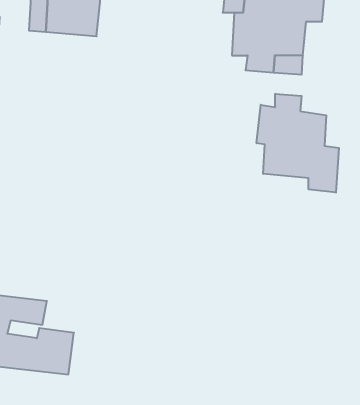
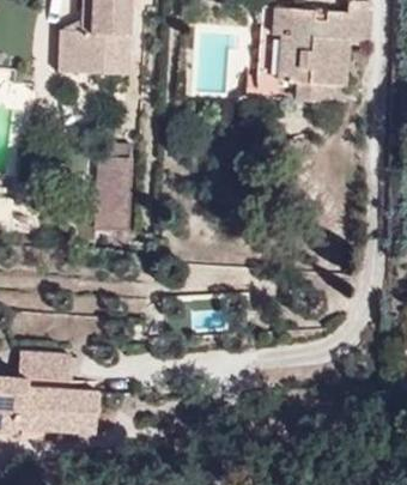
building: [257,94,339,193] -> none
building: none -> [96,148,134,237]

